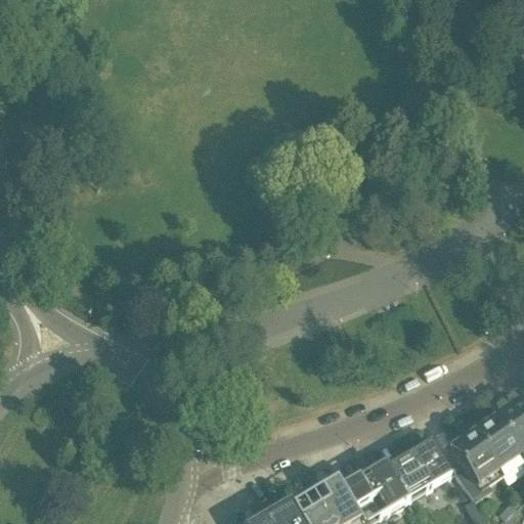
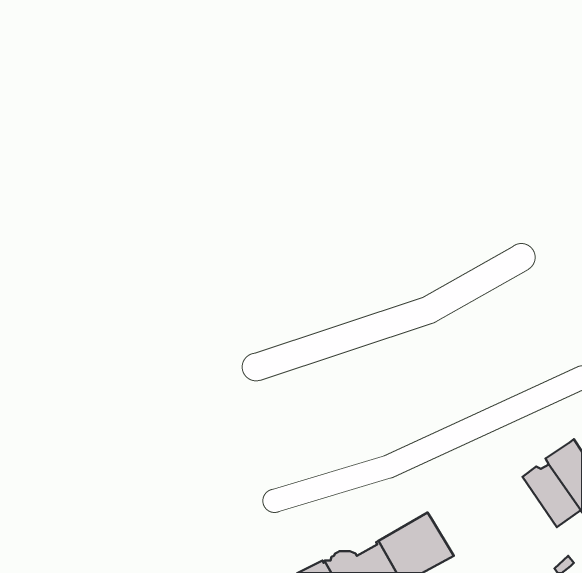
building: [446,427,498,497] -> none
building: [386,439,447,497] -> none

